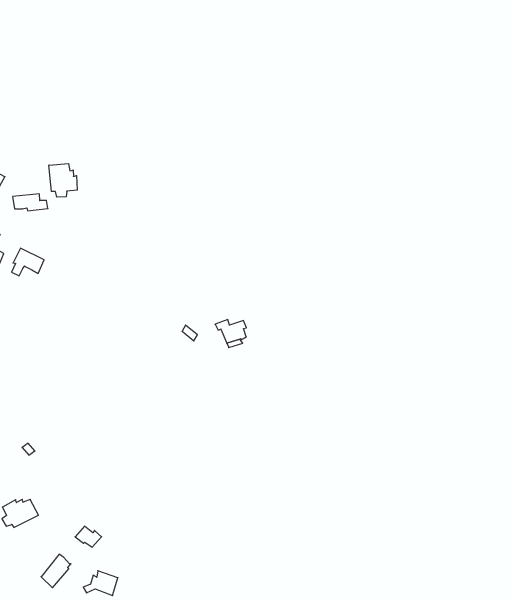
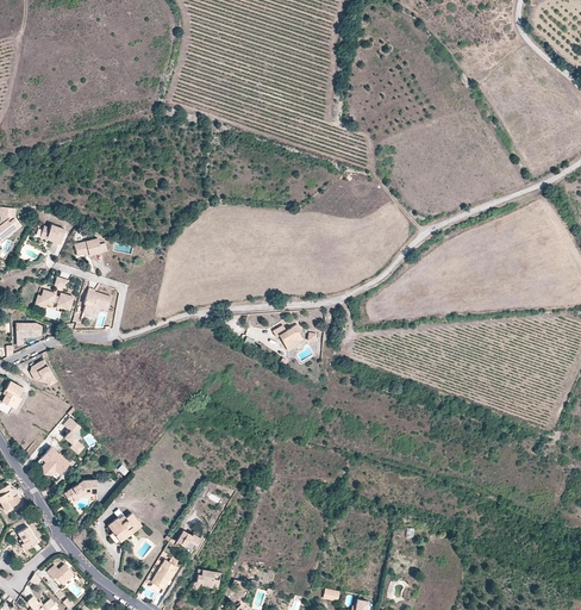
building: [49,164,77,197] -> none

